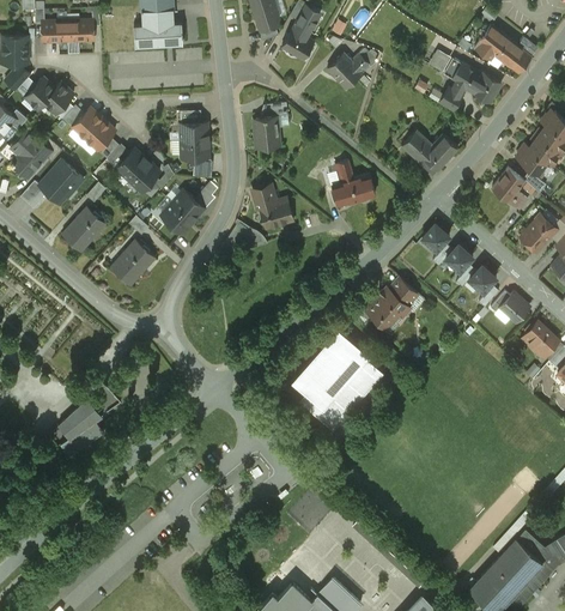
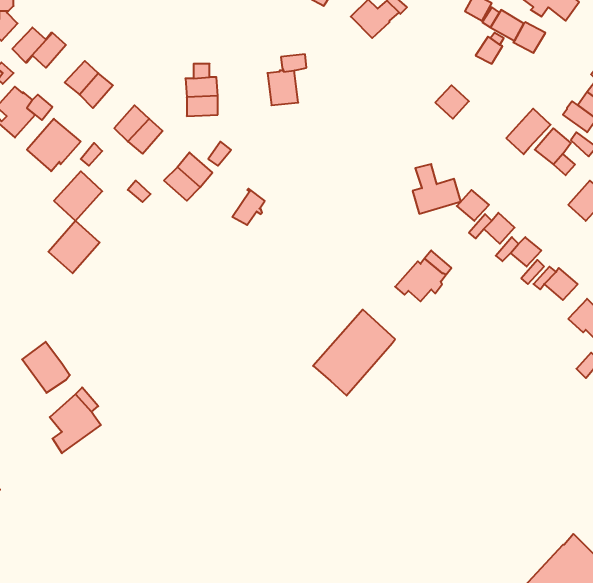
building: [418,134,457,175] -> [506,109,551,154]
building: [332,162,375,206] -> [413,164,461,214]
building: [253,186,292,228] -> none
building: [110,240,156,286] -> [48,221,100,273]
building: none -> [22,342,70,393]
building: [302,361,379,429] -> none

